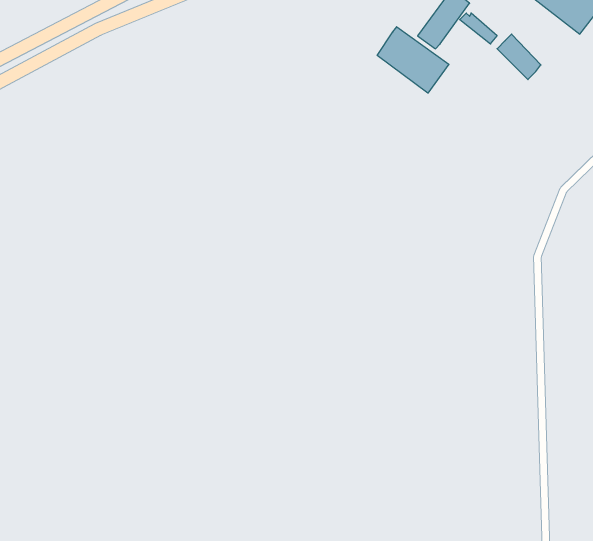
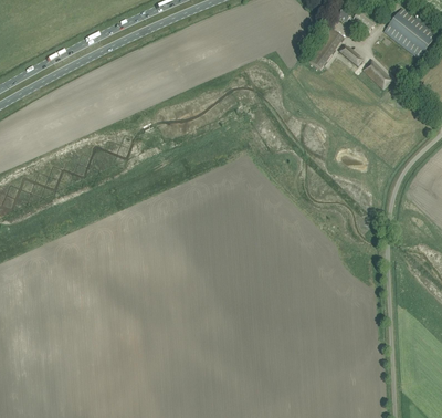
building: [377,27,449,93] -> none

